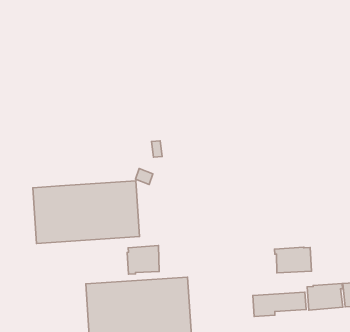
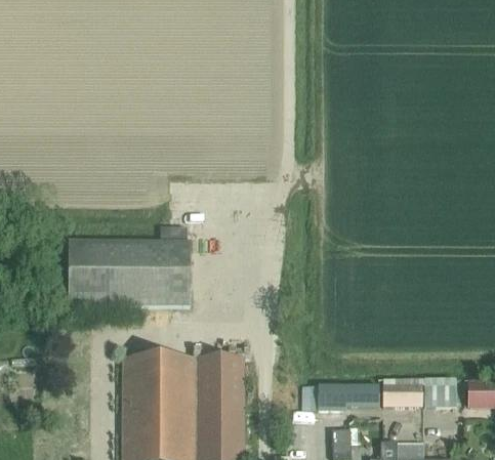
building: [127,246,159,274] -> none
building: [274,247,312,273] -> none

